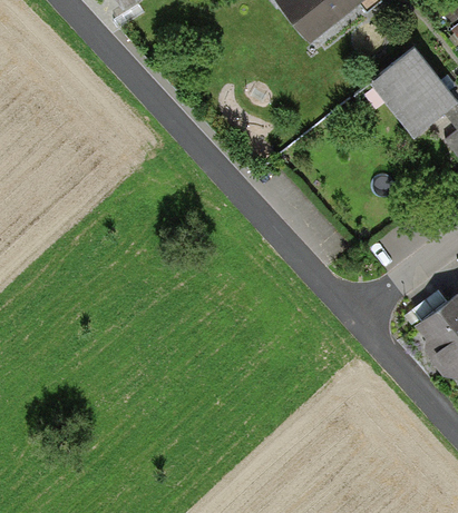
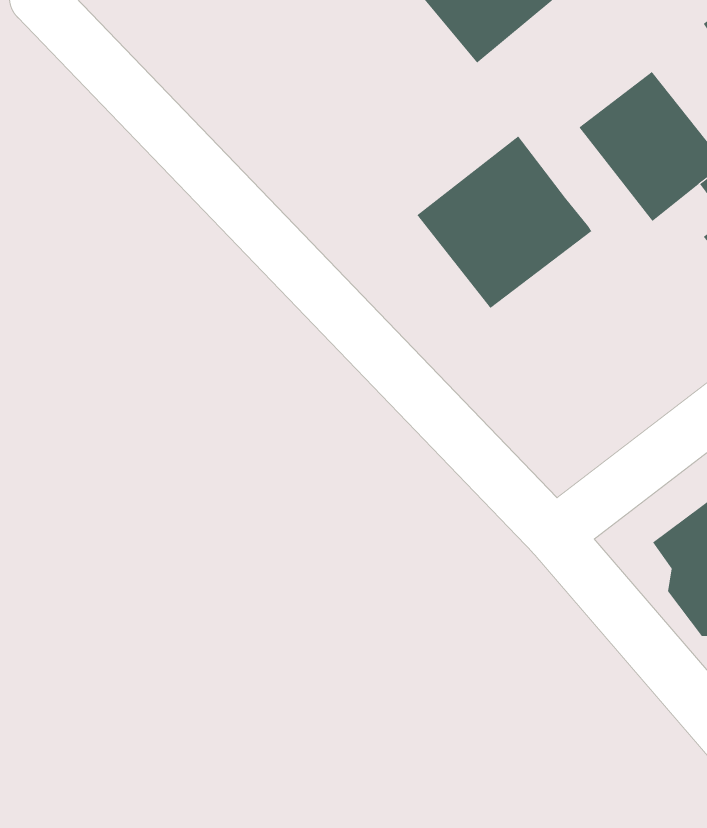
building: none -> [416,135,592,309]

